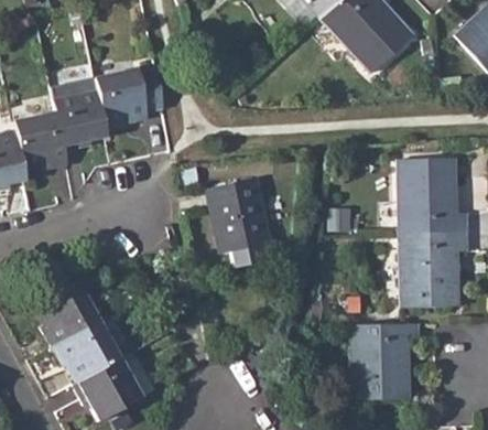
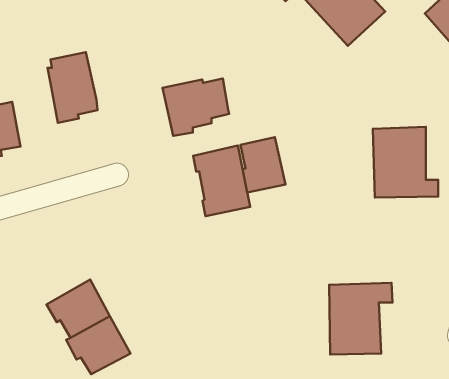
building: [95,68,165,129] -> [163,79,229,136]
building: [14,111,67,168] -> none
building: none -> [241,137,285,192]
building: [401,232,468,307] -> none
building: [36,280,99,346] -> none

